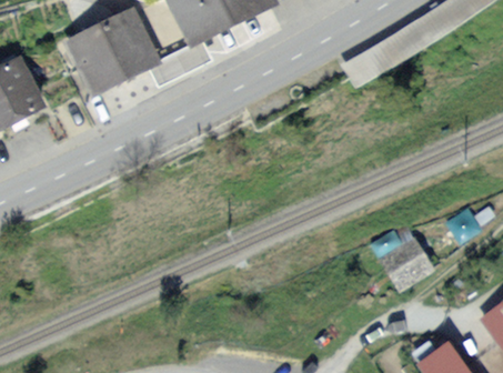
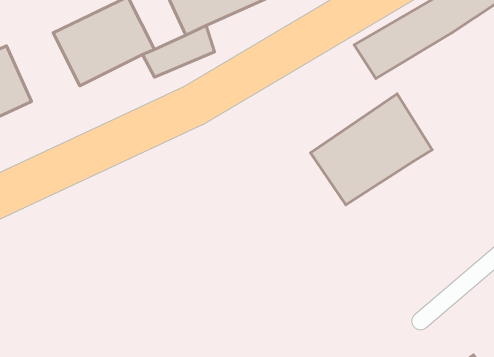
building: none -> [311,94,432,205]
building: [386,241,435,288] -> none

